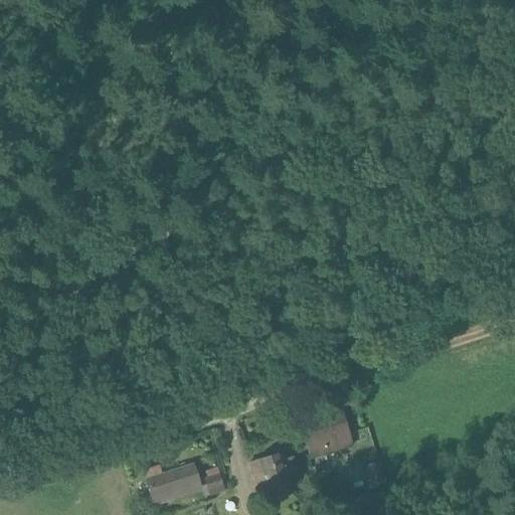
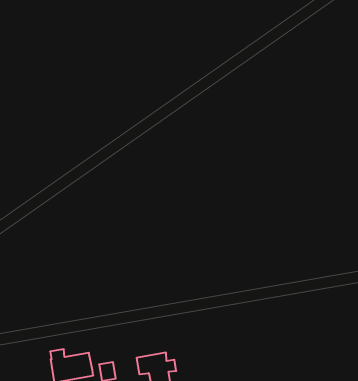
building: [301,409,353,457] -> none

